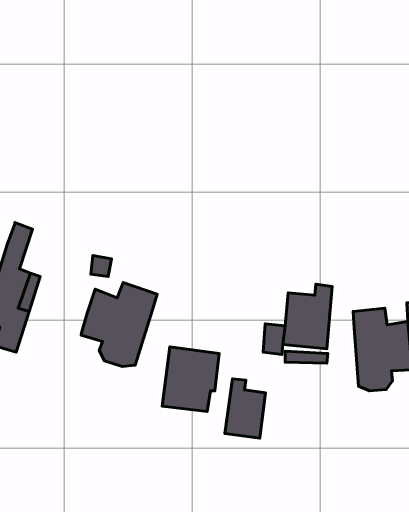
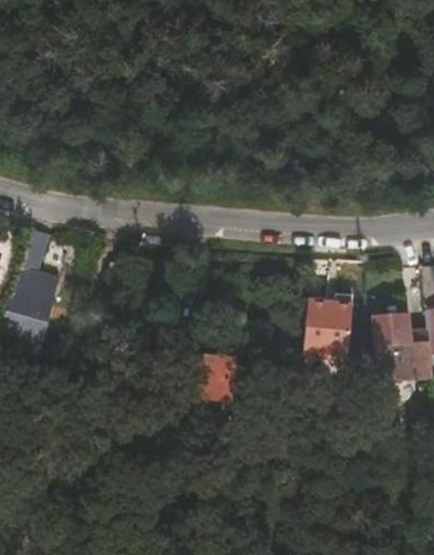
building: [81,283,157,366] -> none
building: [225,379,266,438] -> none

